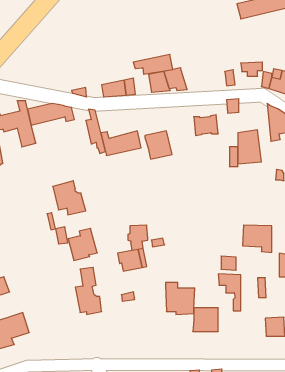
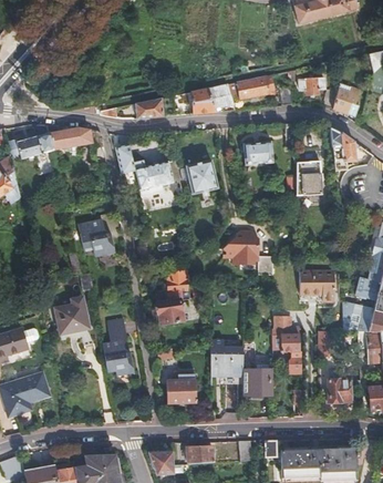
building: [133,54,173,74] -> [227,75,273,99]
building: none -> [221,228,272,273]
building: [68,228,97,260] -> [56,298,91,336]
building: none -> [166,370,196,402]

